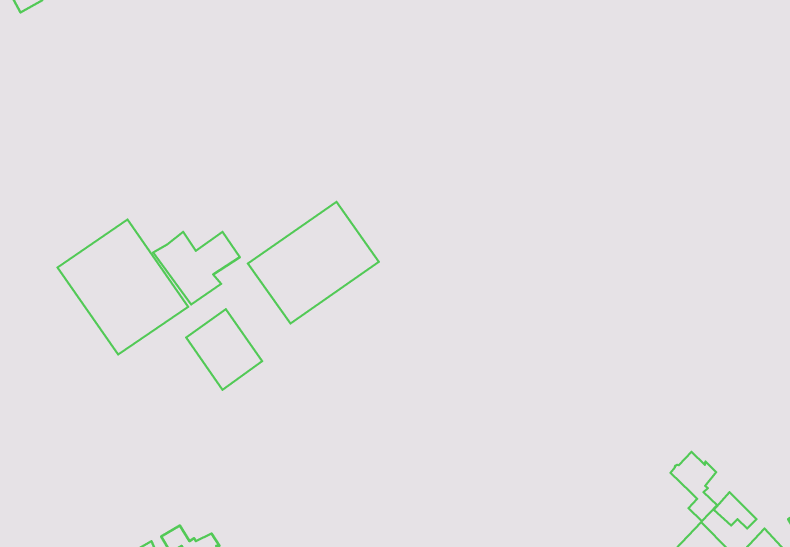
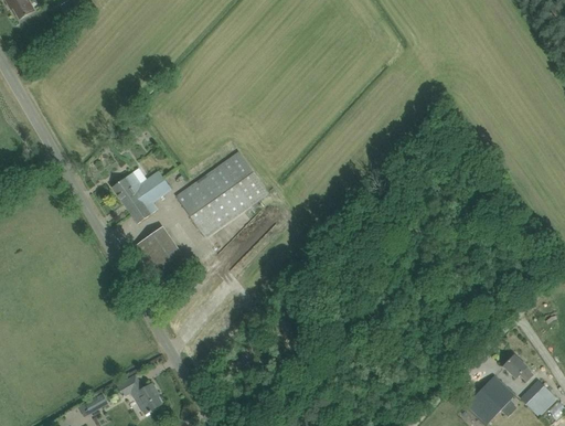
building: [57,220,188,355] -> none
building: [670,452,717,521] -> none

